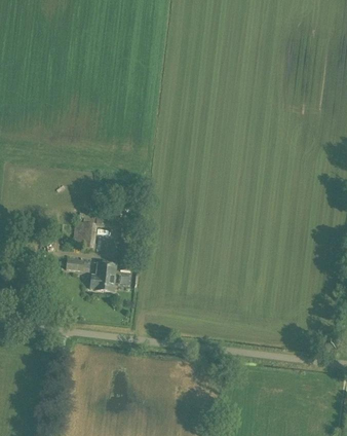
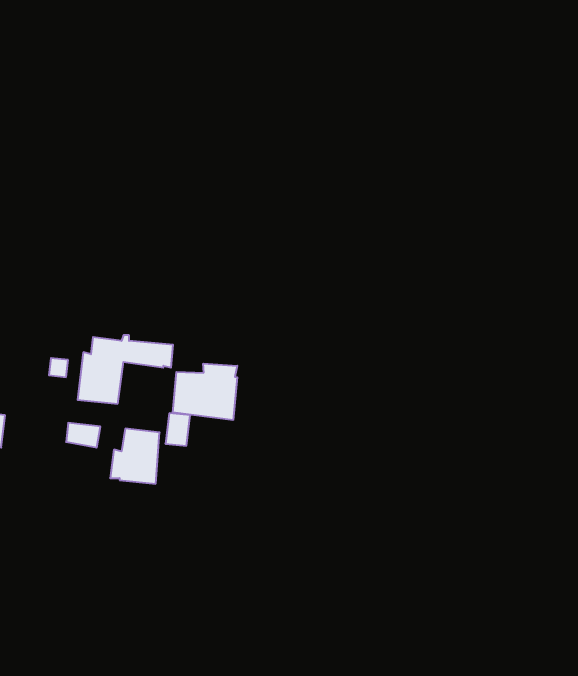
building: none -> [173,364,237,420]

